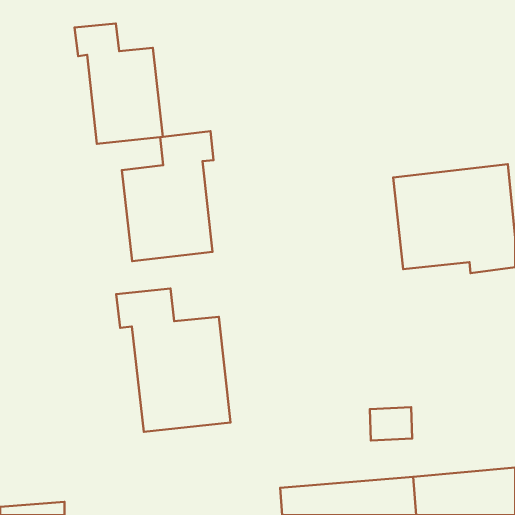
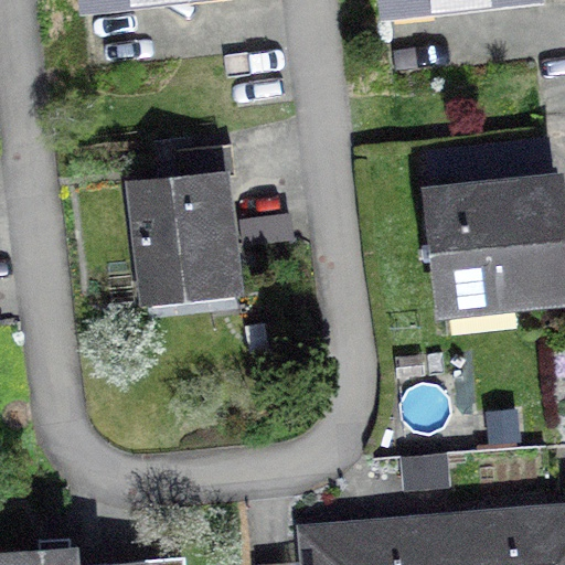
building: [75,23,163,144] -> none
building: [116,289,231,432] -> none

